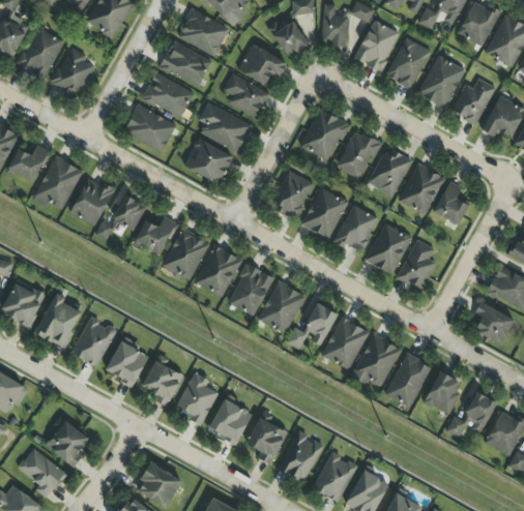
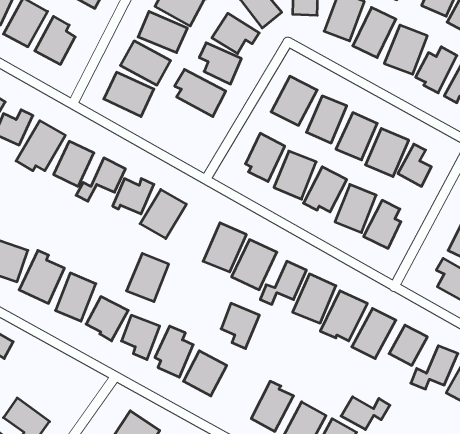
building: [184,138,234,184] -> none
building: [196,246,240,297] -> [126,253,169,302]
building: [246,418,287,465] -> [221,303,259,349]
building: [46,420,89,468] -> none
building: none -> [341,397,390,430]

